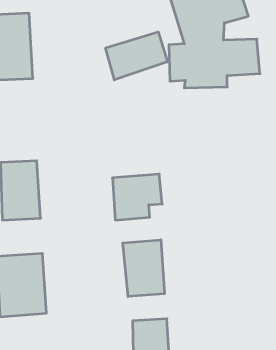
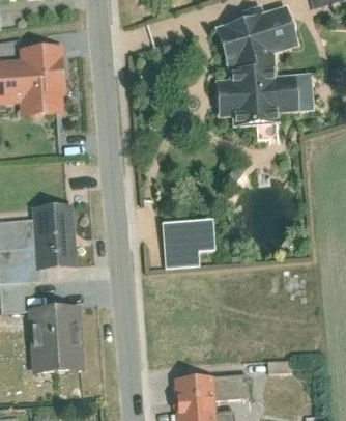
building: [106,32,167,80] -> none
building: [123,240,164,297] -> none

